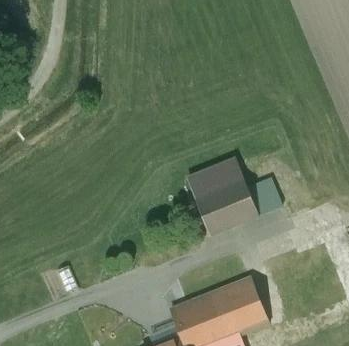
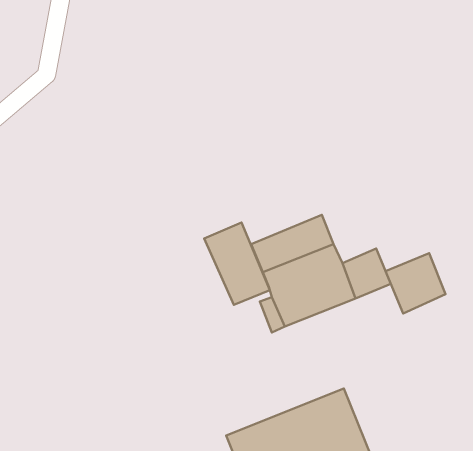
building: none -> [204,222,270,305]
building: none -> [386,253,446,313]

